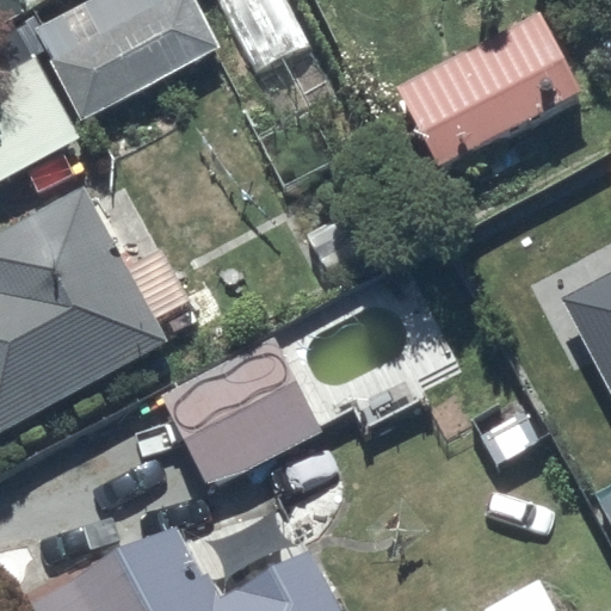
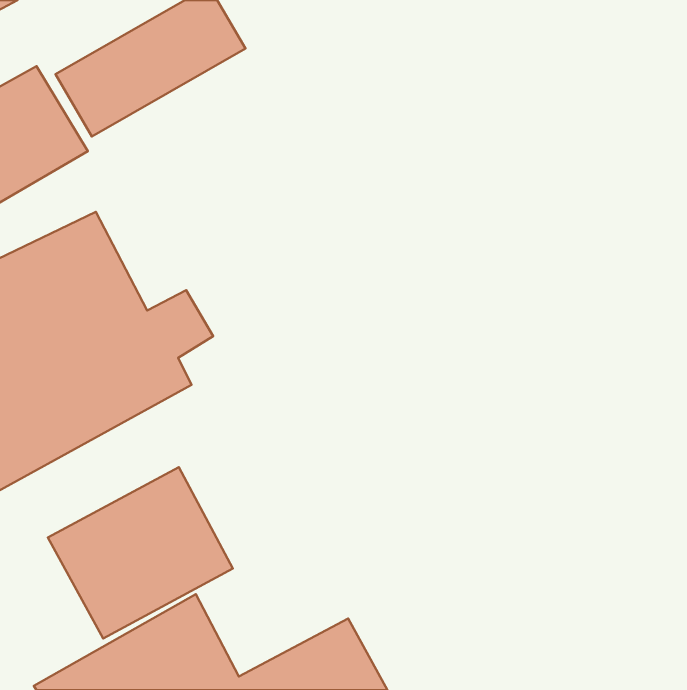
building: [395,13,579,163] -> none
building: [159,334,322,486] -> [48,467,233,639]

